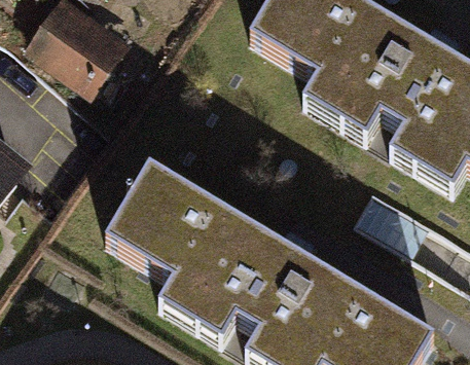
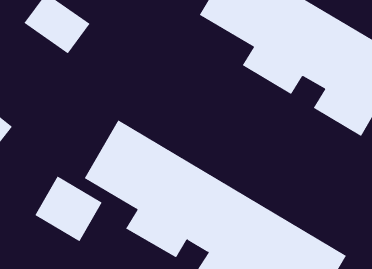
building: none -> [34,175,102,242]

